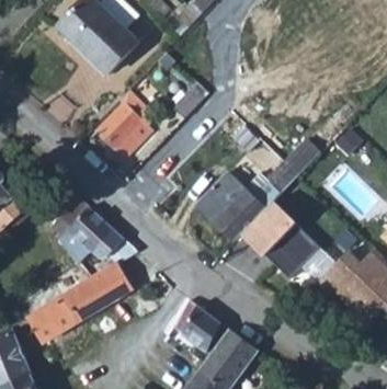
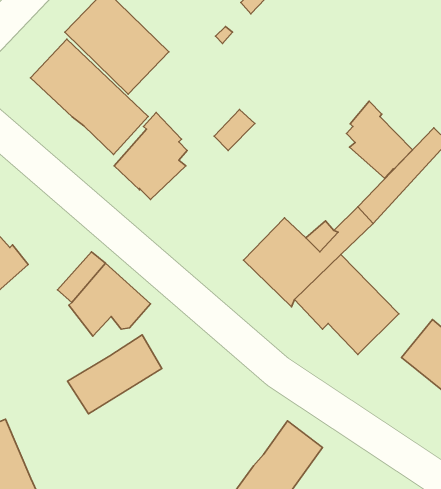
building: none -> [30,39,148,155]
building: none -> [346,101,413,178]
building: [27,298,76,343] -> none
building: [174,299,230,355] -> none

